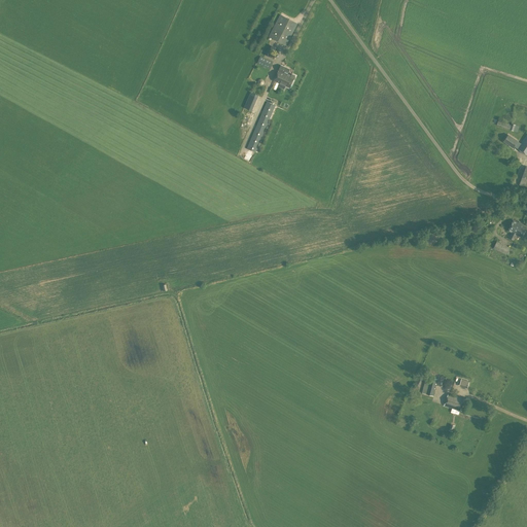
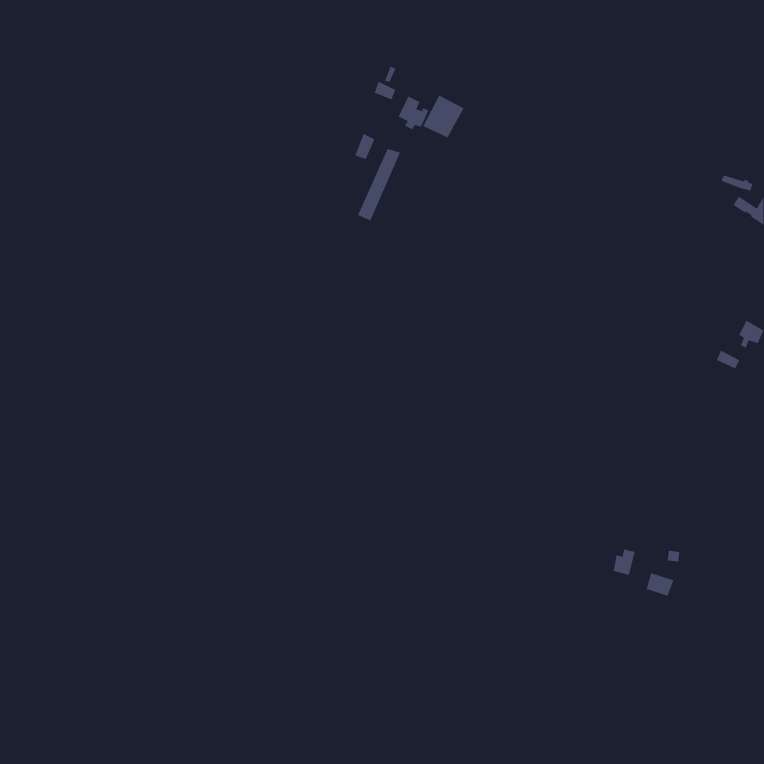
building: [269,14,297,44] -> [423,95,464,138]

